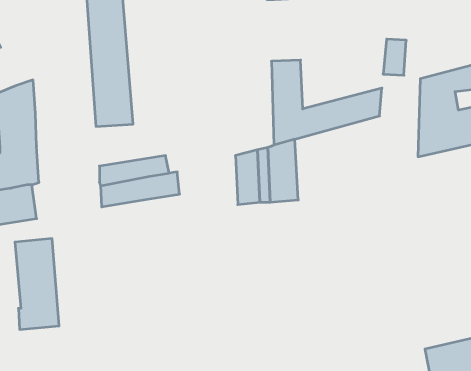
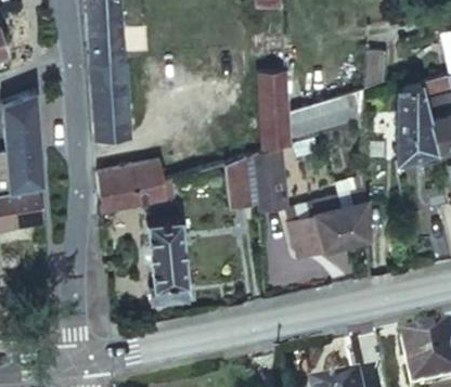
building: none -> [288,201,365,255]
building: [15,239,59,329] -> [146,217,188,301]

